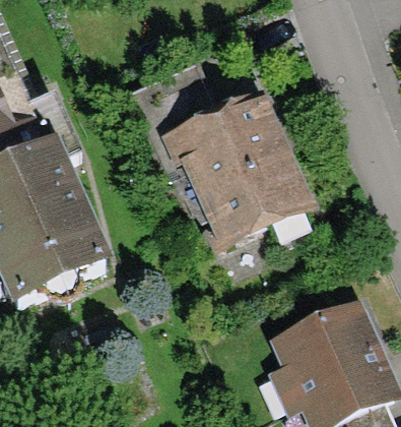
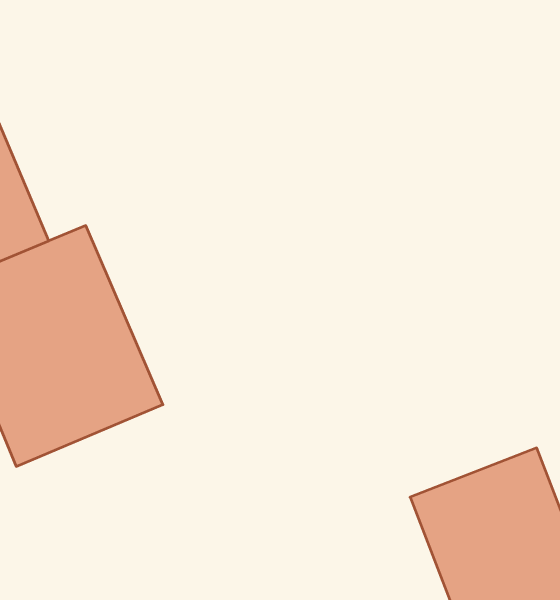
building: [179,107,311,251] -> none

